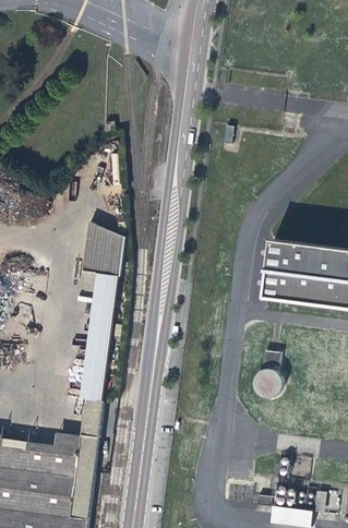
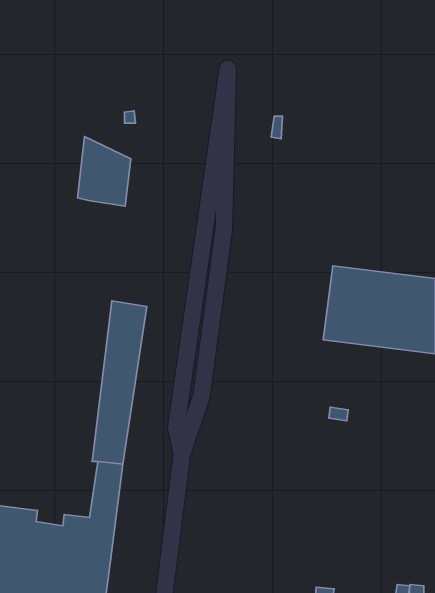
building: [82,218,123,273] -> [78,136,131,206]
building: [249,364,283,398] -> none

